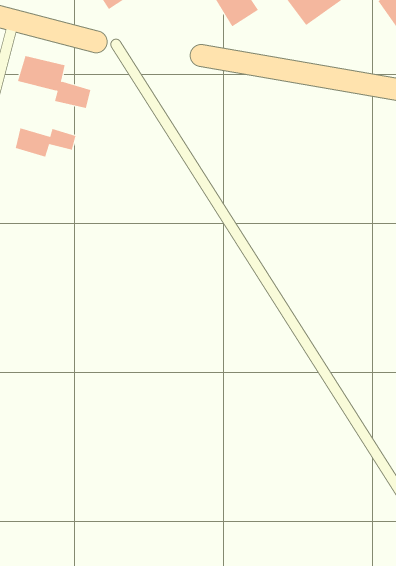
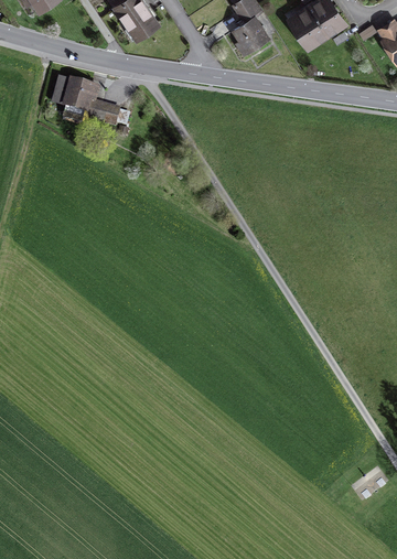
building: [15,128,76,158] -> none

